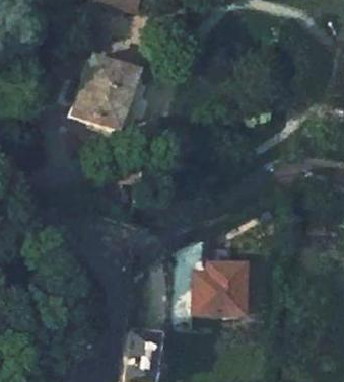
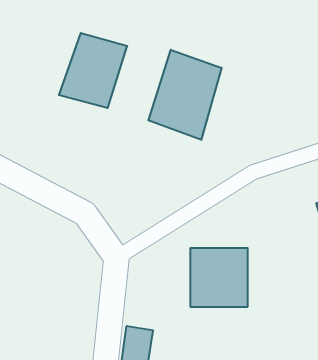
building: none -> [148,50,222,140]

